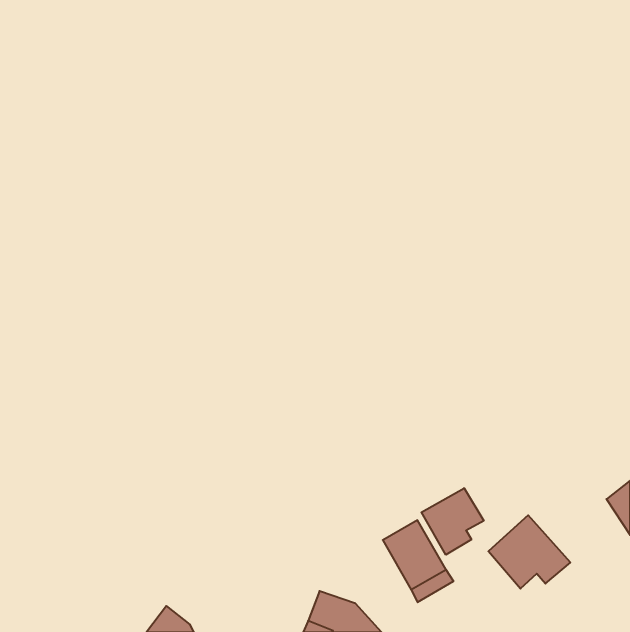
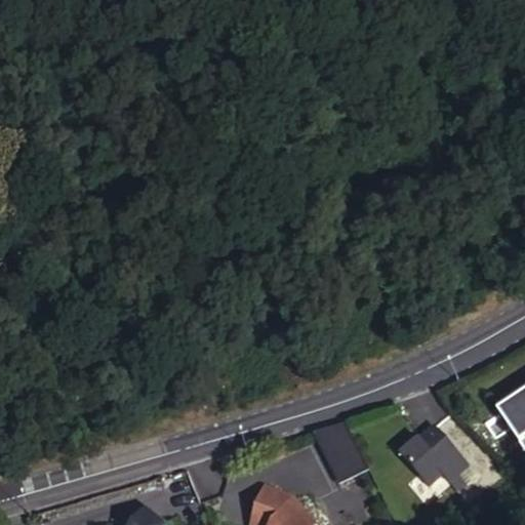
building: [421,488,484,555] -> none

